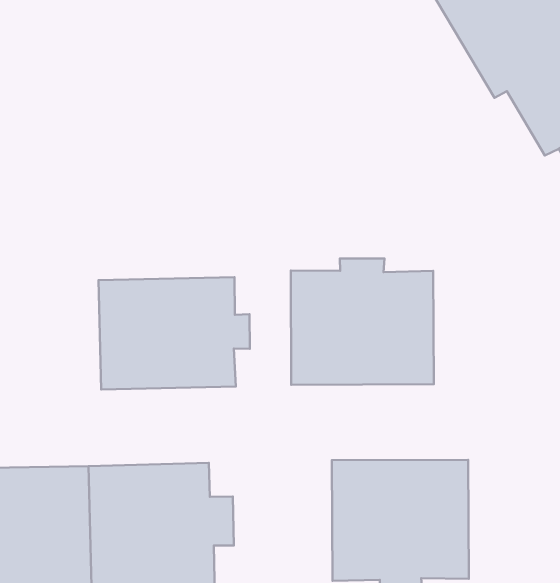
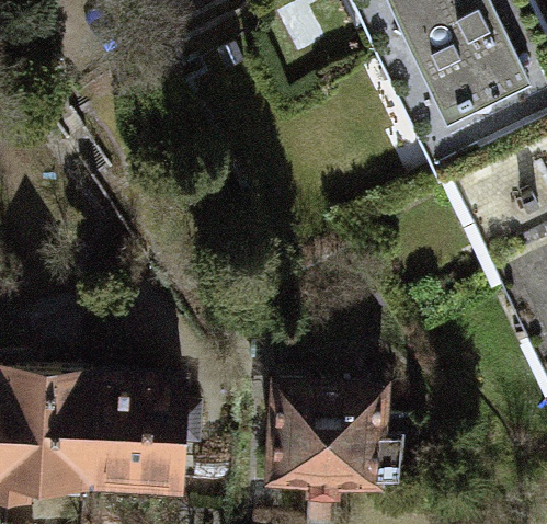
building: [291,258,434,385] -> none
building: [98,277,250,390] -> none

